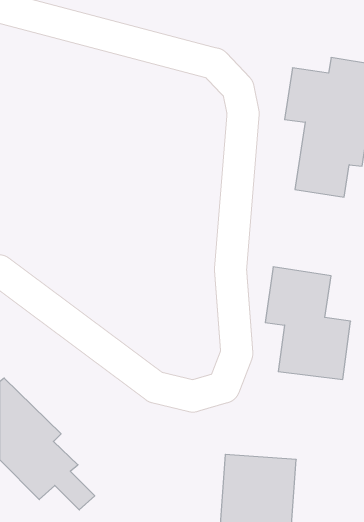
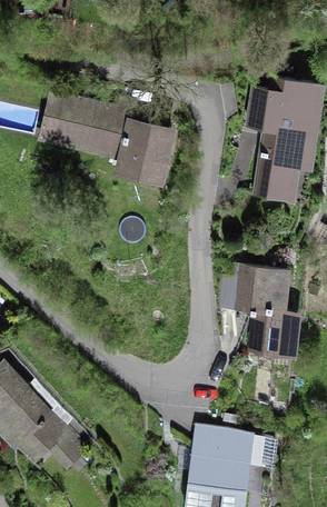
building: none -> [34,90,168,179]

